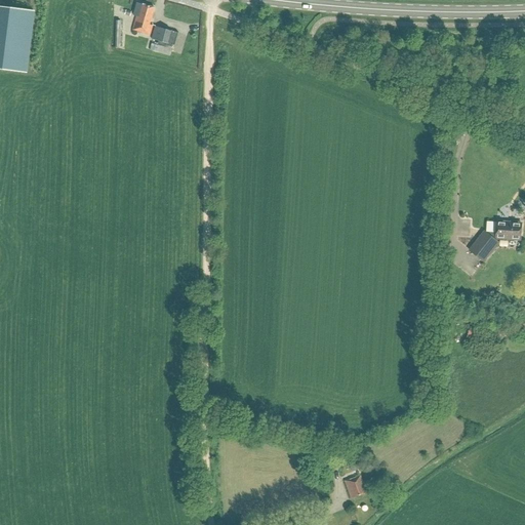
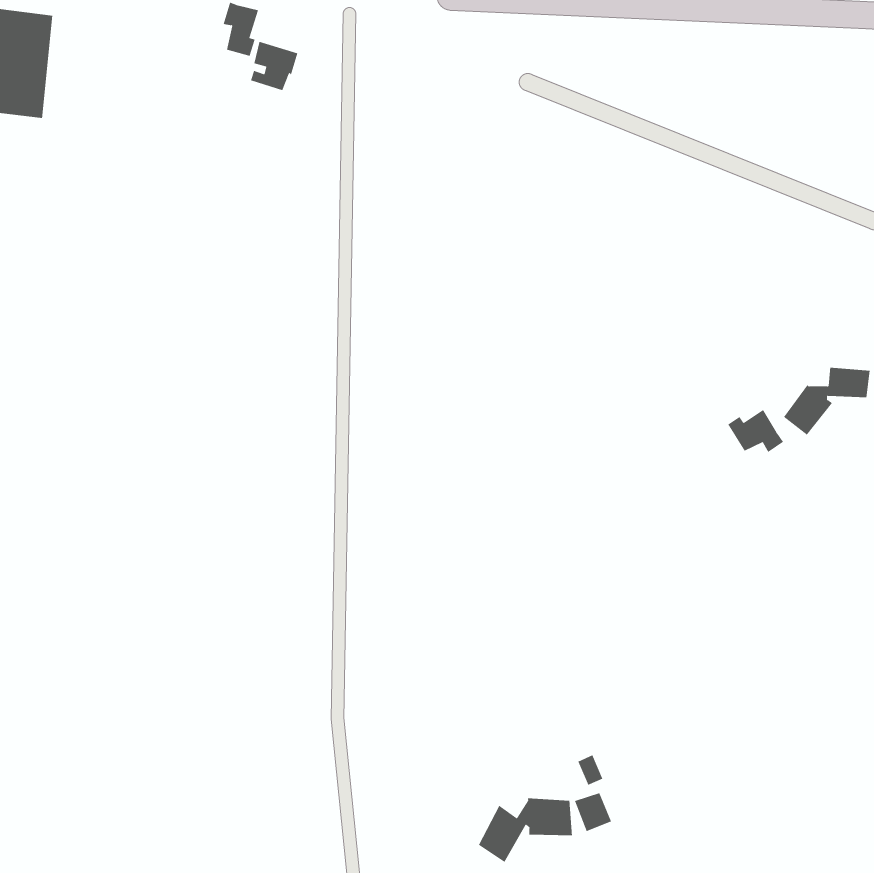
building: none -> [727,409,784,453]
building: none -> [478,797,573,863]

